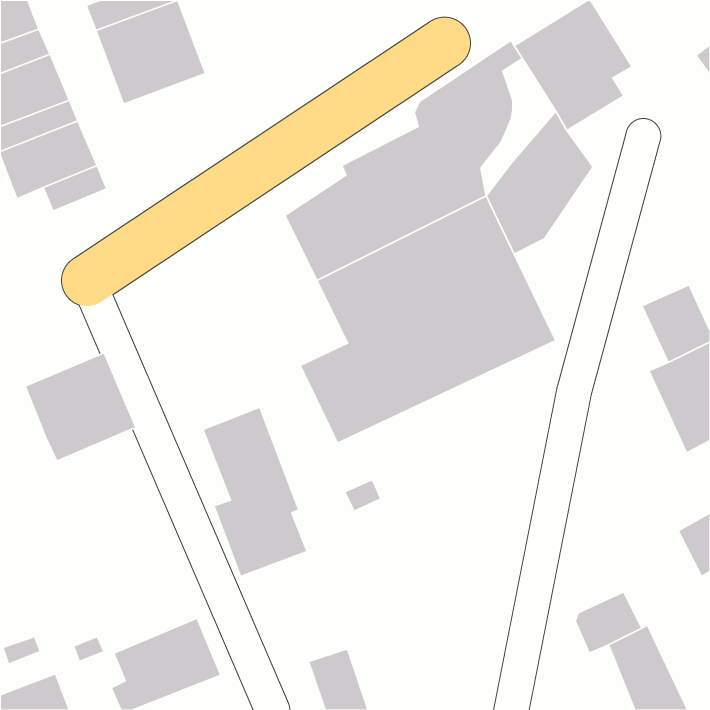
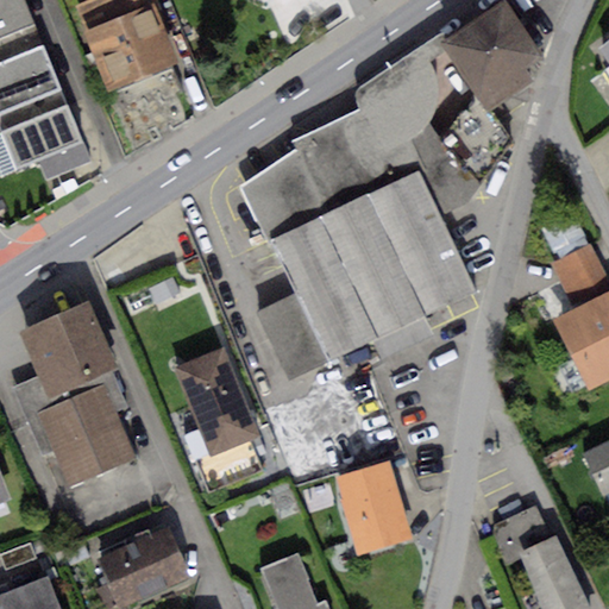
building: none -> [12,368,132,485]
building: none -> [335,460,412,554]

